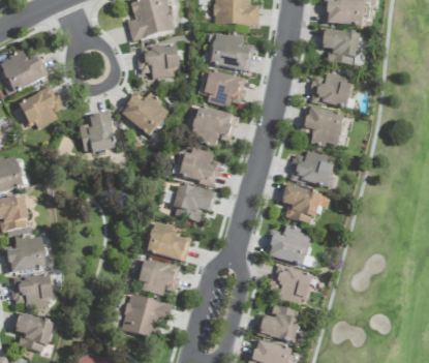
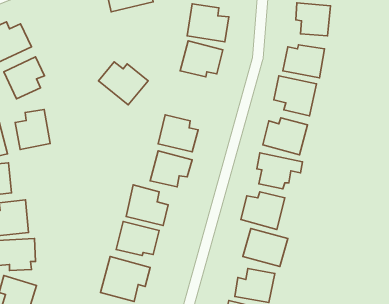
building: [139,43,179,78] -> none
building: [190,105,237,145] -> none
building: [79,112,115,153] -> [15,110,50,150]

